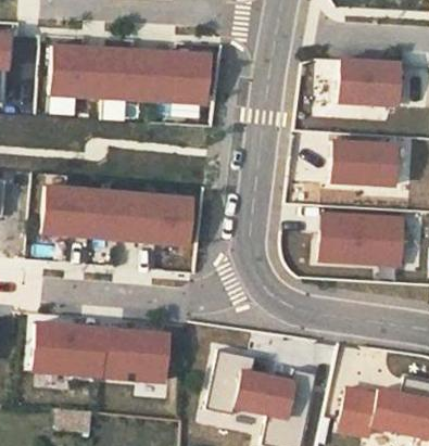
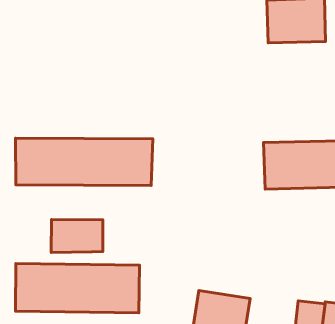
building: [51,42,213,104] -> none
building: [323,136,393,184] -> none
building: none -> [51,220,103,253]

